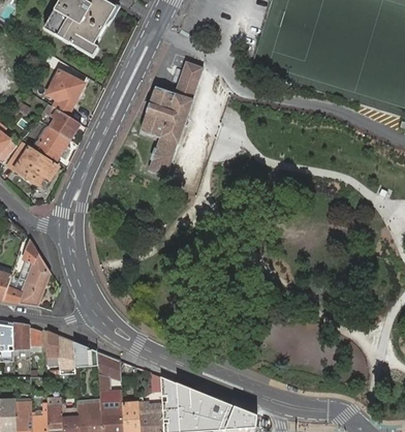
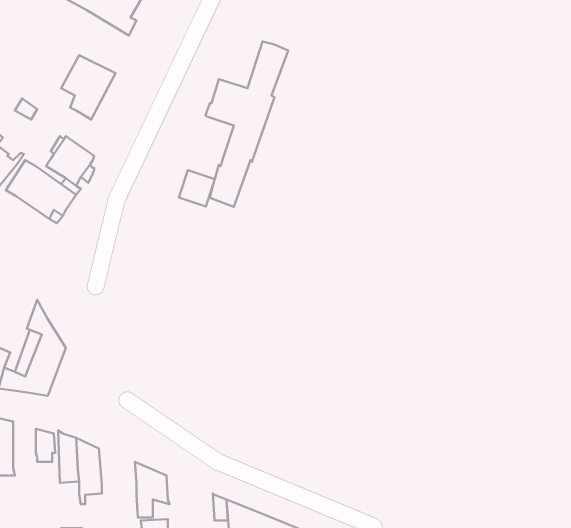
building: [42,102,80,140] -> none
building: [141,113,165,137] -> [179,170,215,206]
building: [13,322,30,354] -> none
building: [72,341,98,366] -> none

